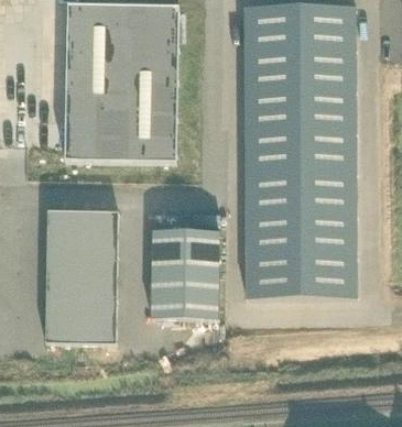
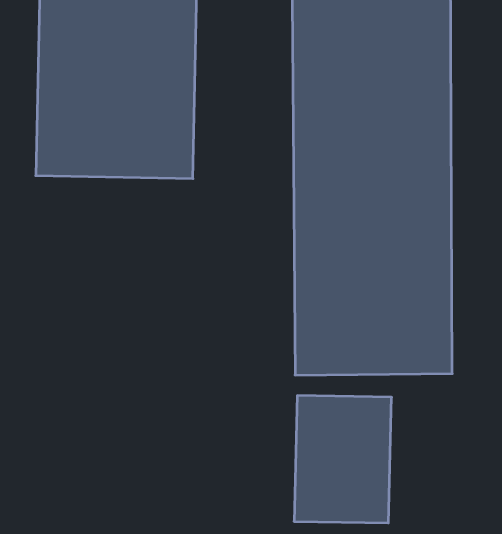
building: [45,208,118,341] -> none
building: [151,228,219,317] -> [294,396,392,523]

